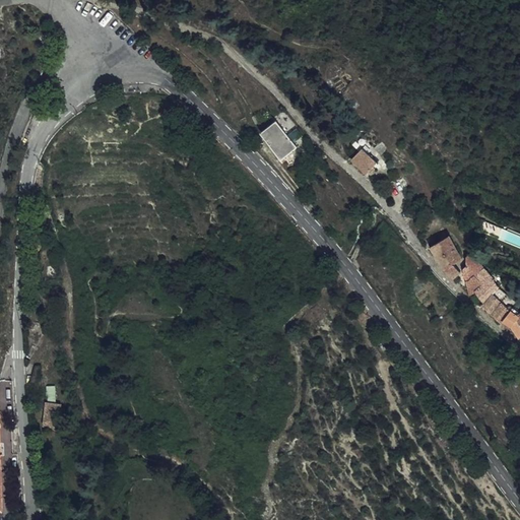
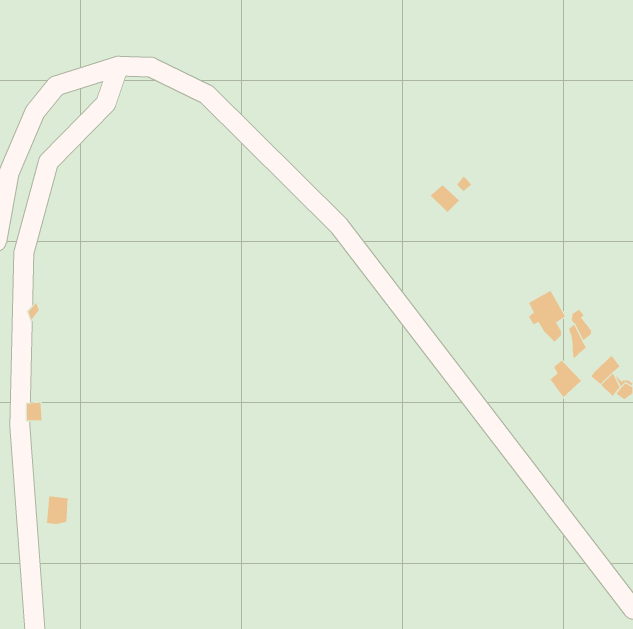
building: [260,123,296,159] -> none
building: [472,272,499,304] -> [549,360,582,398]

